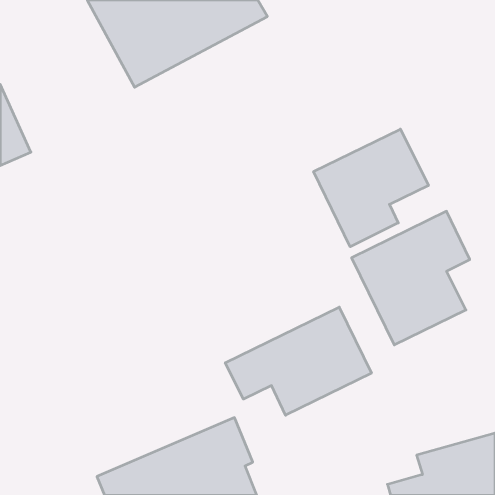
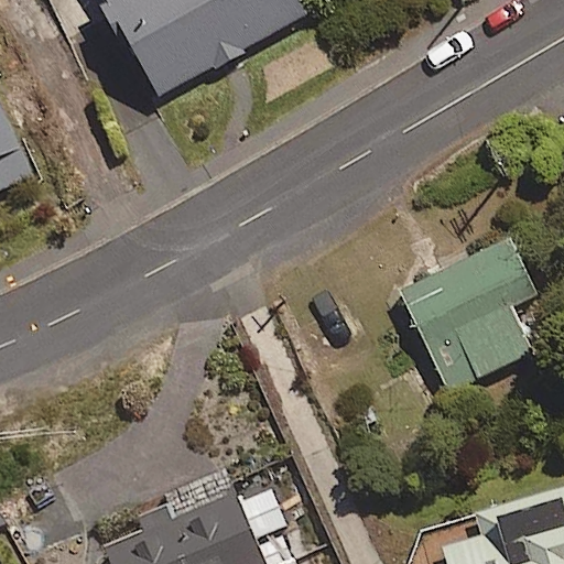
building: [314,129,428,247] -> none
building: [225,307,371,415] -> none

